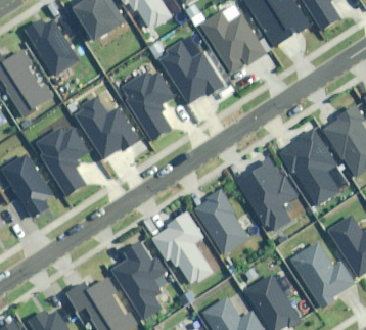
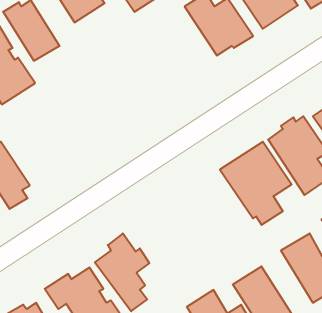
building: [158,41,222,103] -> none
building: [121,69,172,139] -> none
building: [74,96,138,156] -> none
building: [35,127,87,194] -> none
building: [194,188,248,254] -> none
building: [152,213,214,285] -> none

